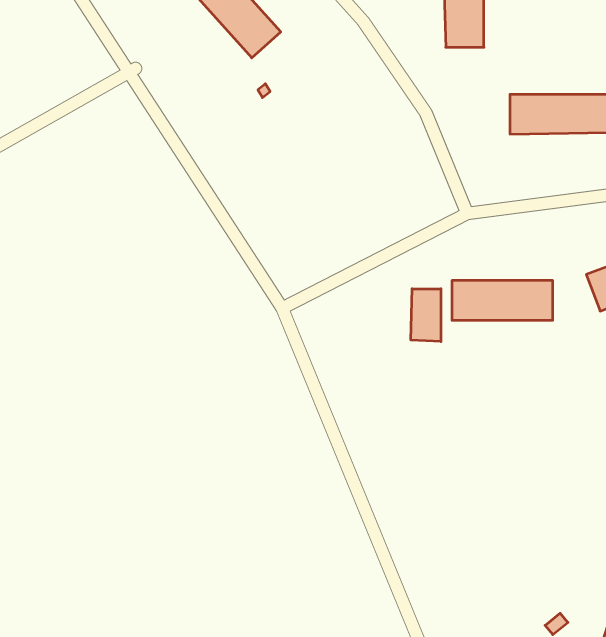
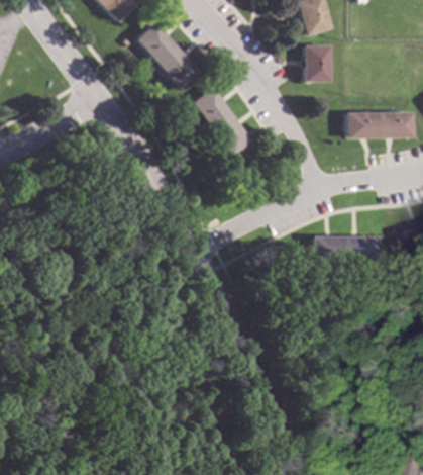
building: none -> [193,87,252,156]
building: [411,289,441,342] -> none

